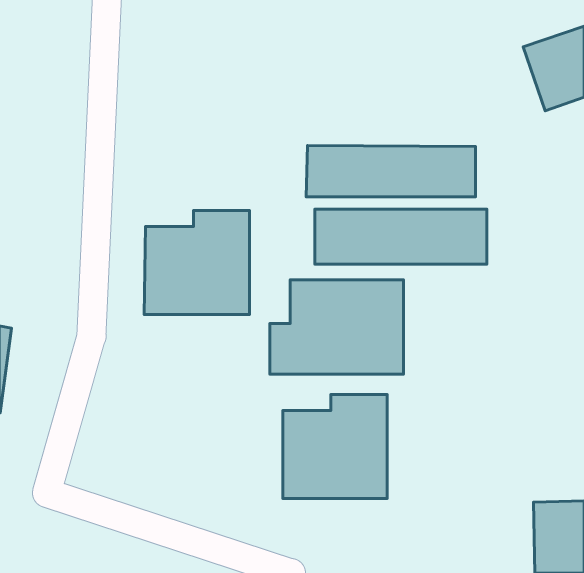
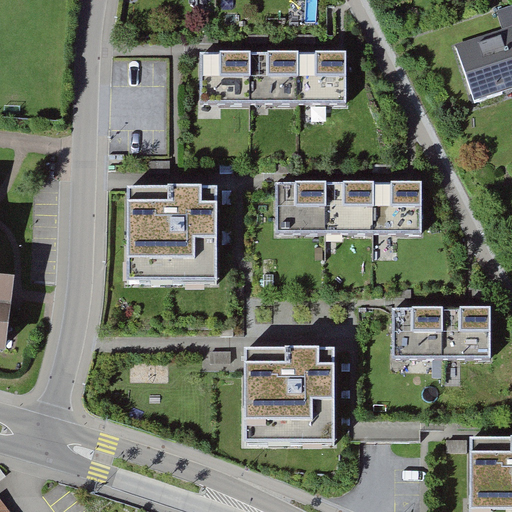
building: [306,145,476,197] -> [200,55,348,100]
building: [270,280,403,374] -> none
building: none -> [391,306,491,355]

